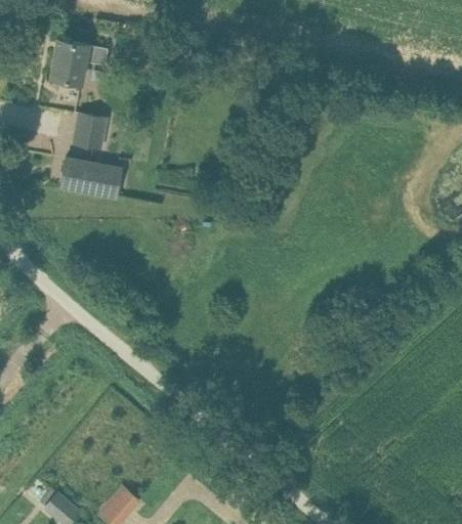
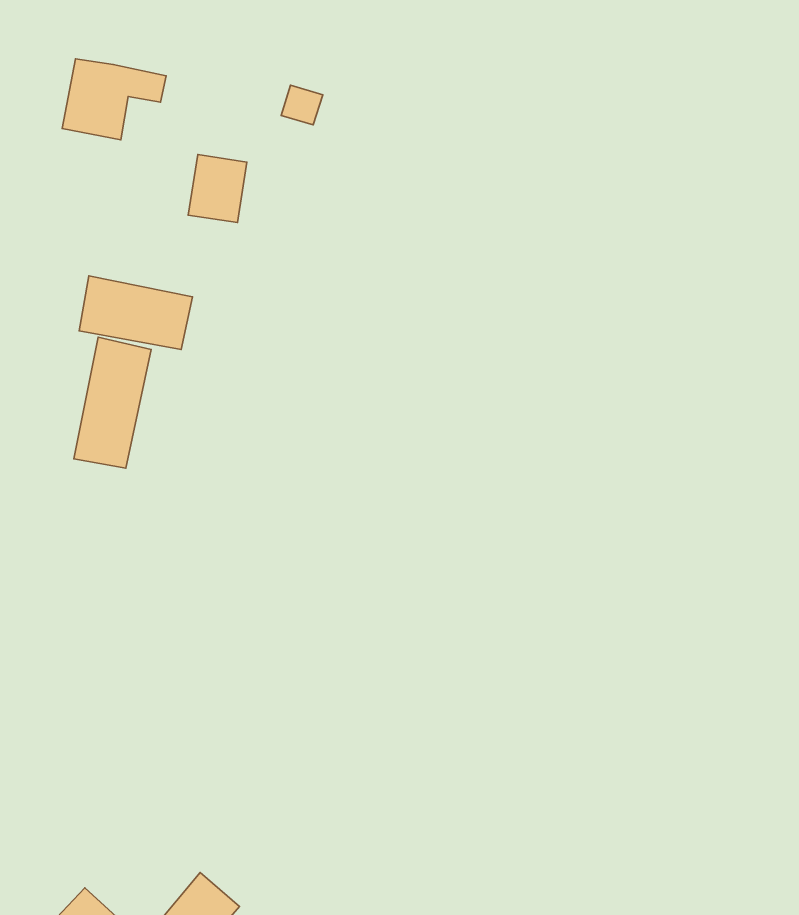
building: [73,115,104,151] -> [188,155,247,223]
building: none -> [74,337,151,468]

